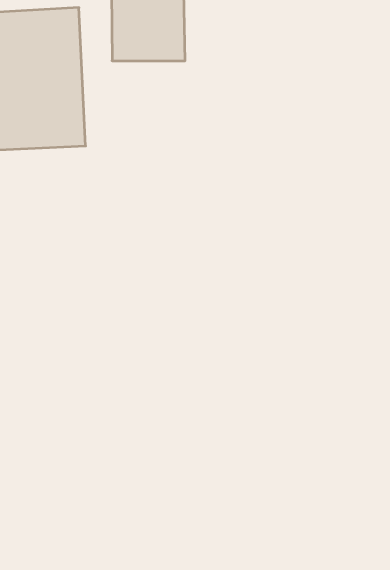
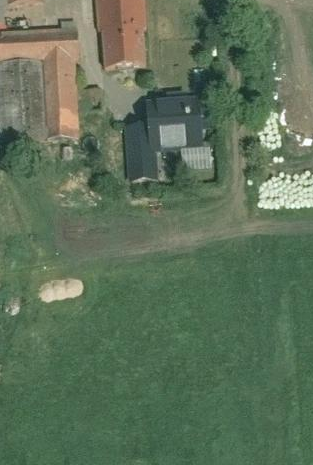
building: none -> [136,95,215,179]

